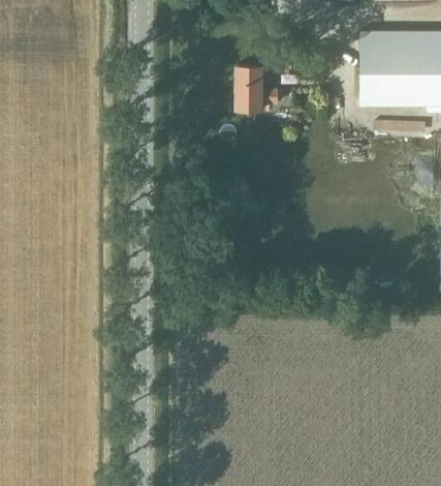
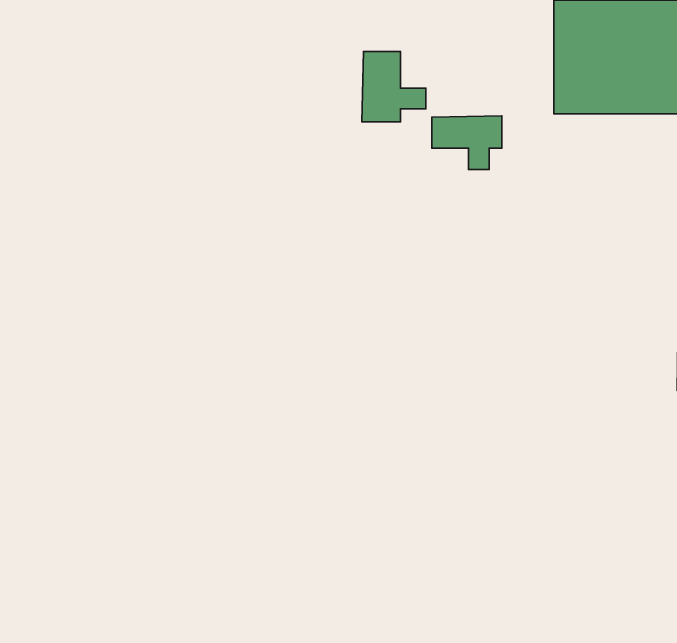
building: none -> [432,116,502,169]

